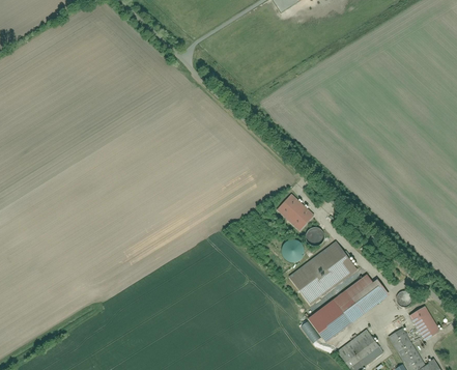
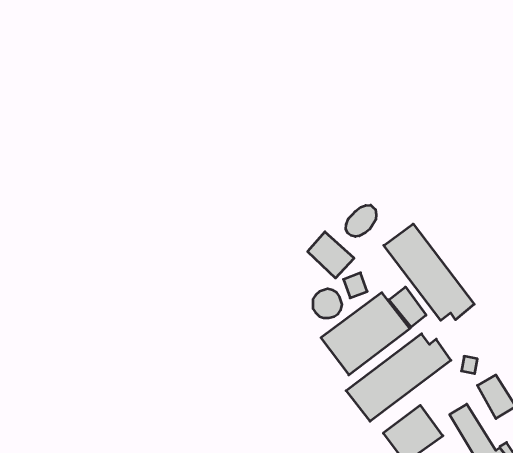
building: none -> [346,205,376,237]
building: none -> [384,224,474,320]
building: none -> [389,287,426,327]

